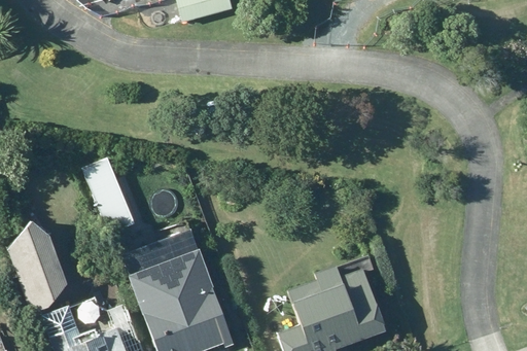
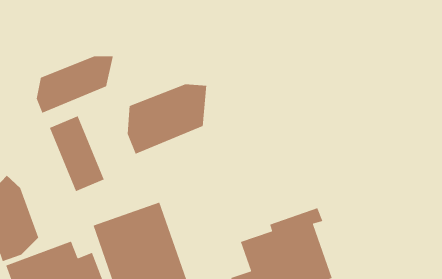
building: none -> [36,55,114,114]
building: none -> [127,83,207,155]

